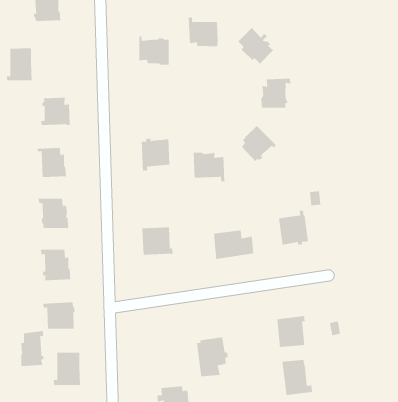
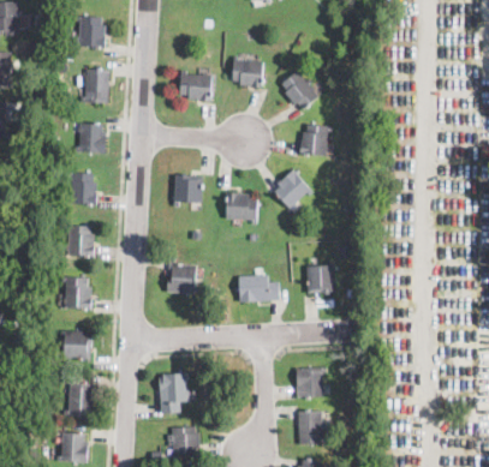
building: [6,48,33,81] -> [80,70,109,104]
building: [21,330,44,367] -> none
building: [196,337,228,377] -> [159,375,190,413]

